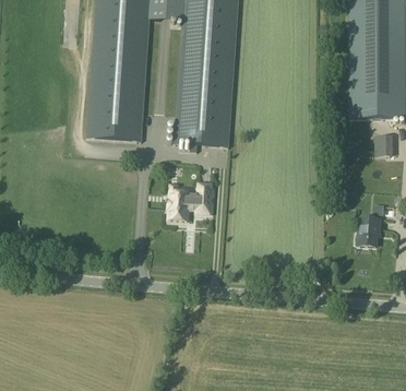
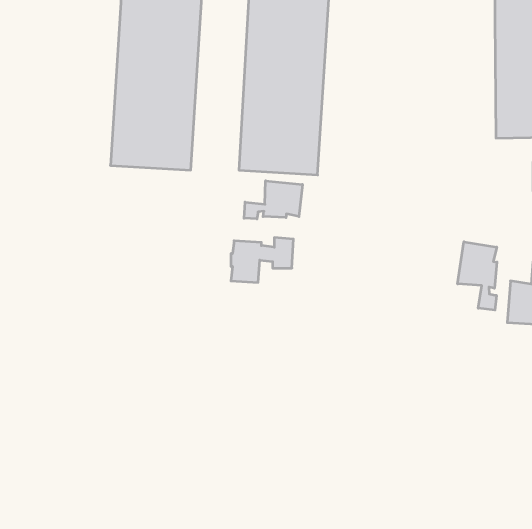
building: none -> [244,181,302,219]
building: none -> [458,242,497,310]

